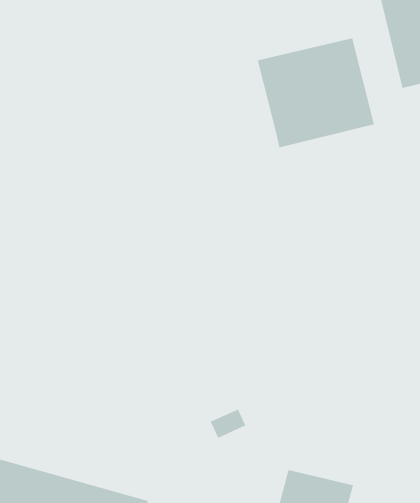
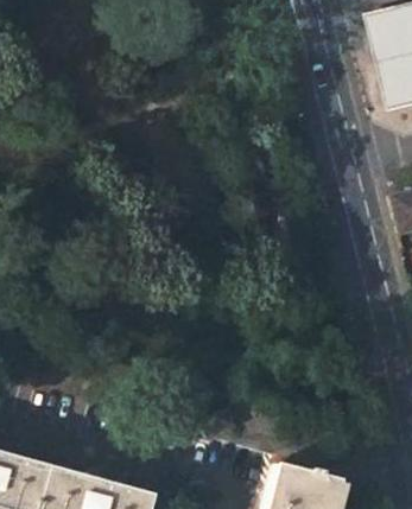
building: [257,37,374,148] -> none

